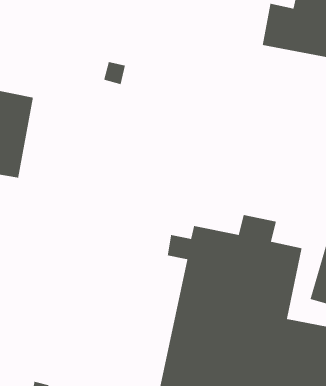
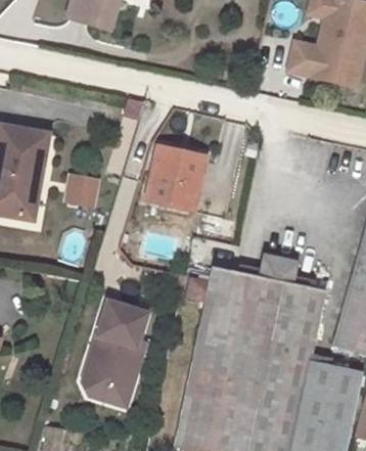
building: none -> [146,146,204,211]
building: none -> [59,172,97,209]
building: none -> [81,294,157,407]

